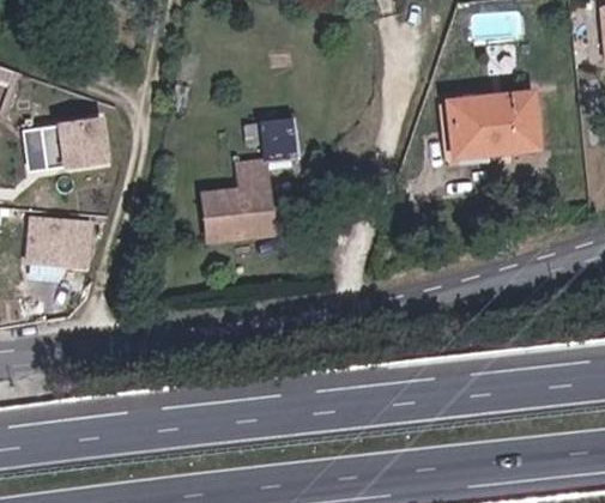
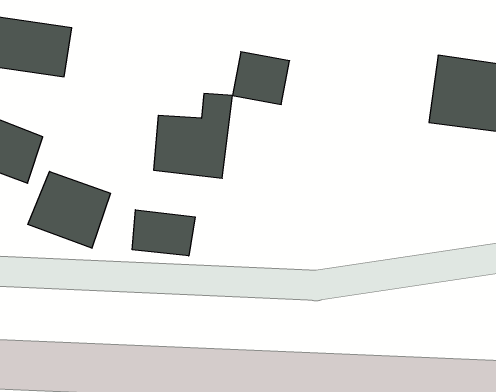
building: none -> [28,171,111,248]
building: none -> [132,210,195,256]

